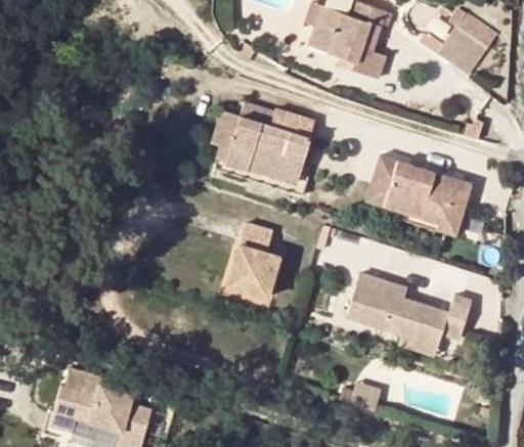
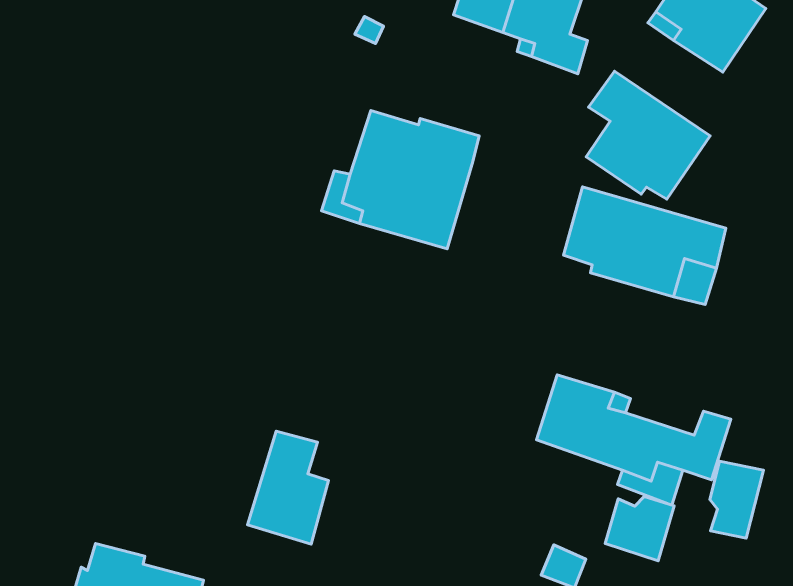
building: none -> [586,71,710,199]
building: [232,221,285,294] -> [247,431,329,544]
building: none -> [710,461,764,538]
building: none -> [605,496,674,561]

